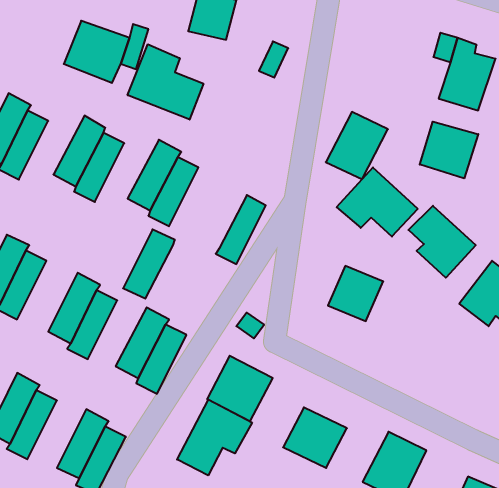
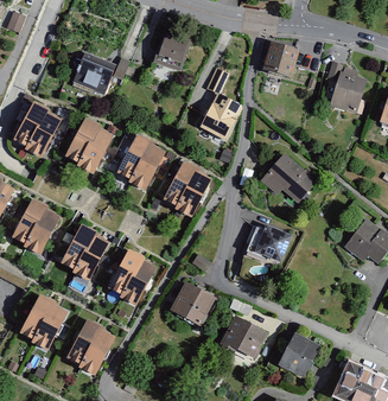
building: none -> [262,44,295,79]
building: [128,44,203,120] -> none
building: [326,112,388,179] -> [198,94,241,140]
building: [420,122,478,178] -> none
building: [408,206,476,278] -> none
building: [123,229,175,299] -> [163,161,198,209]
building: [177,400,252,475] -> none

